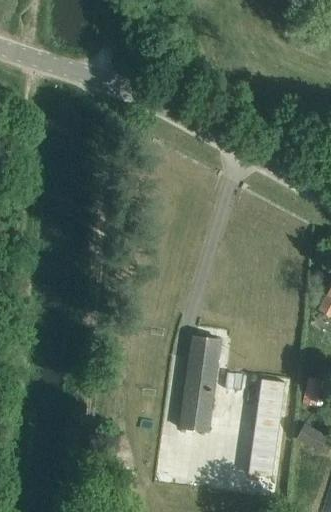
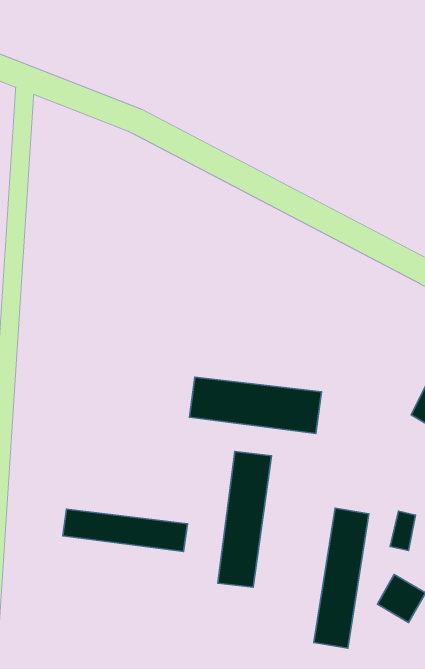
building: none -> [189,377,322,434]
building: none -> [63,509,188,551]

